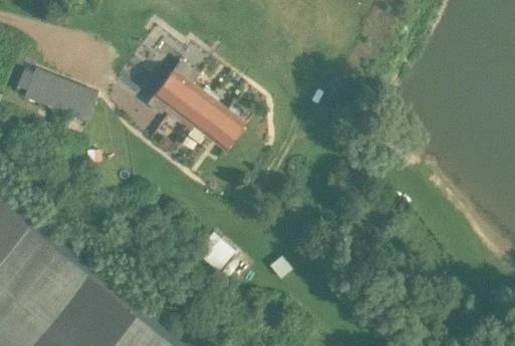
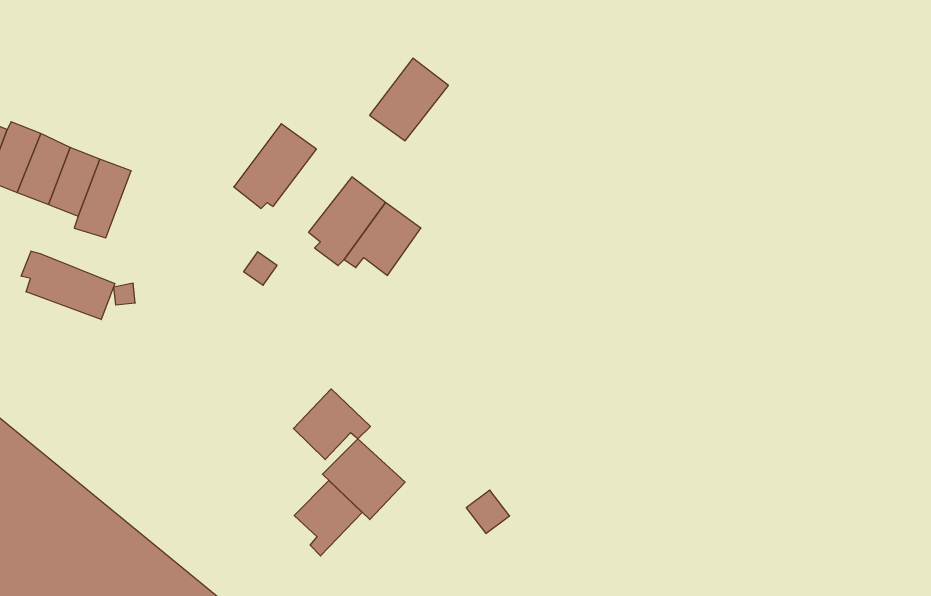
building: [169,82,209,125] -> [370,58,448,141]
building: none -> [21,251,115,320]
building: none -> [293,389,370,460]
building: none -> [294,480,362,556]

